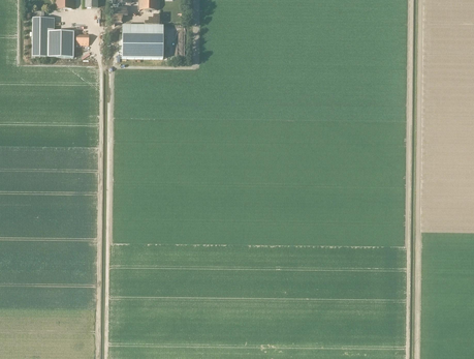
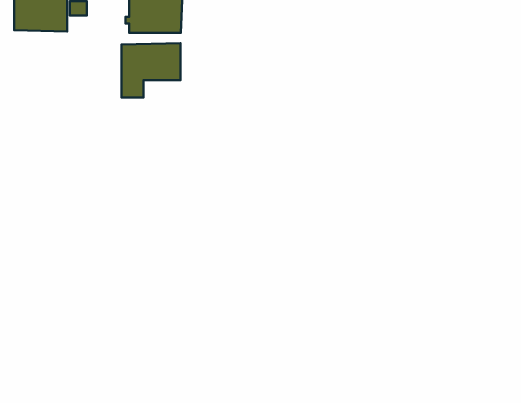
building: none -> [122,43,181,97]

